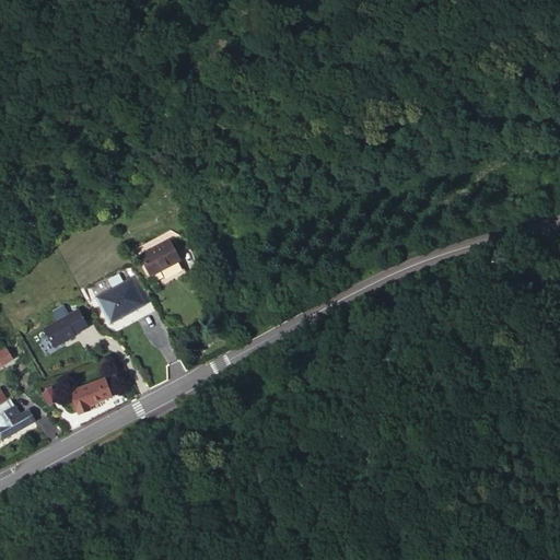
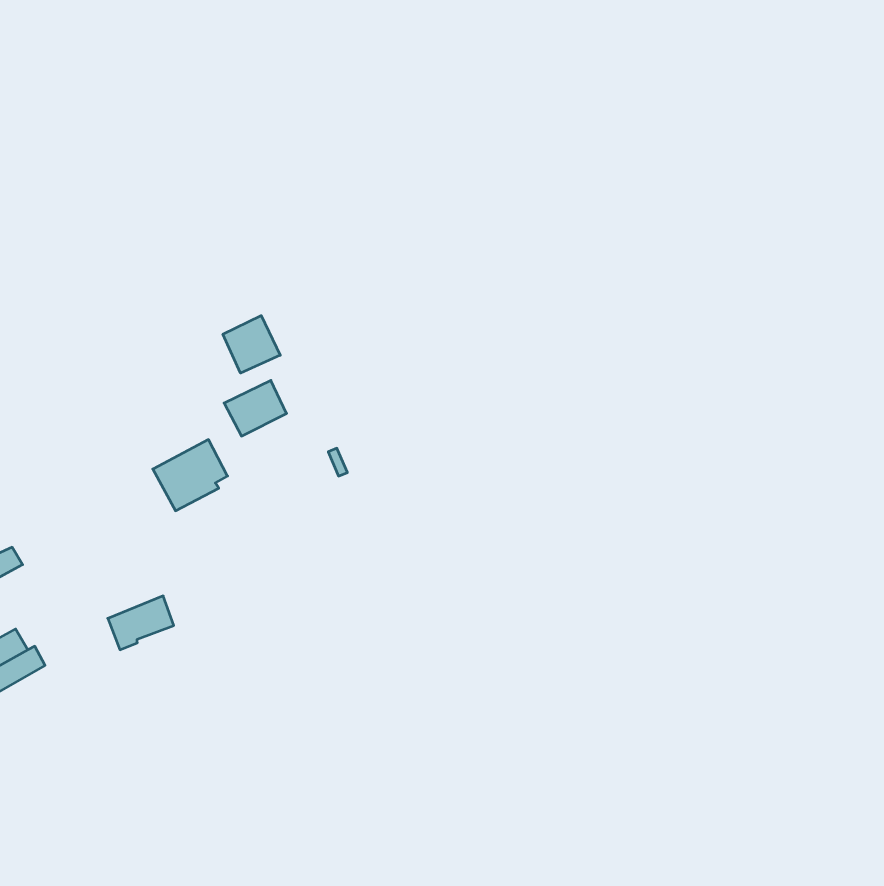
building: none -> [223,316,280,373]
building: [42,308,86,346] -> none

